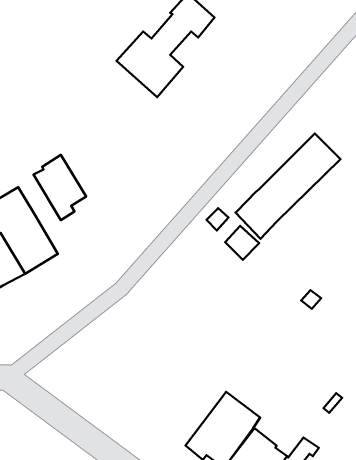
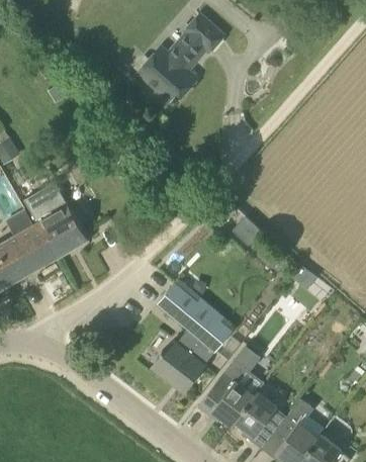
building: [235,133,340,239] -> none
building: [34,155,86,220] -> none
building: none -> [152,284,231,392]

